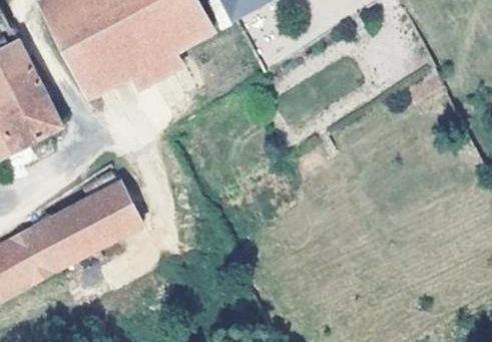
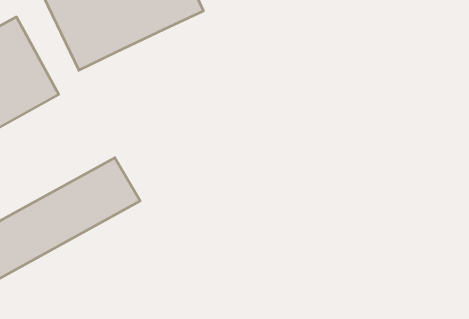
building: [119,51,176,93] -> none

